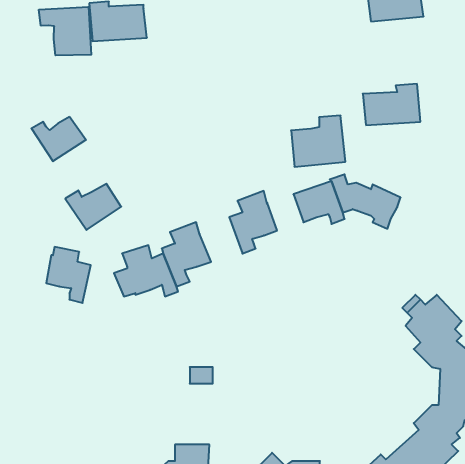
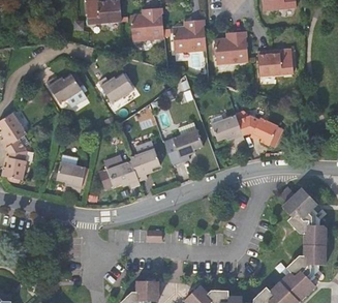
building: [39,7,91,55] -> none
building: none -> [128,12,162,43]
building: none -> [170,23,204,56]
building: [291,116,345,167] -> [212,36,246,68]
building: [65,184,121,230] -> [98,73,133,102]

